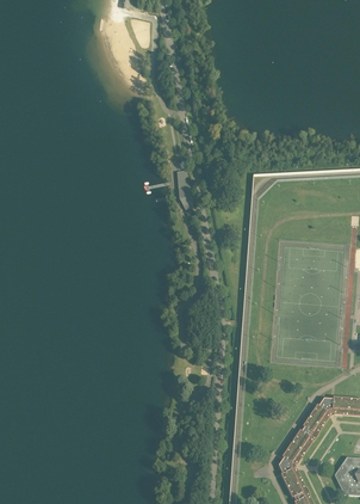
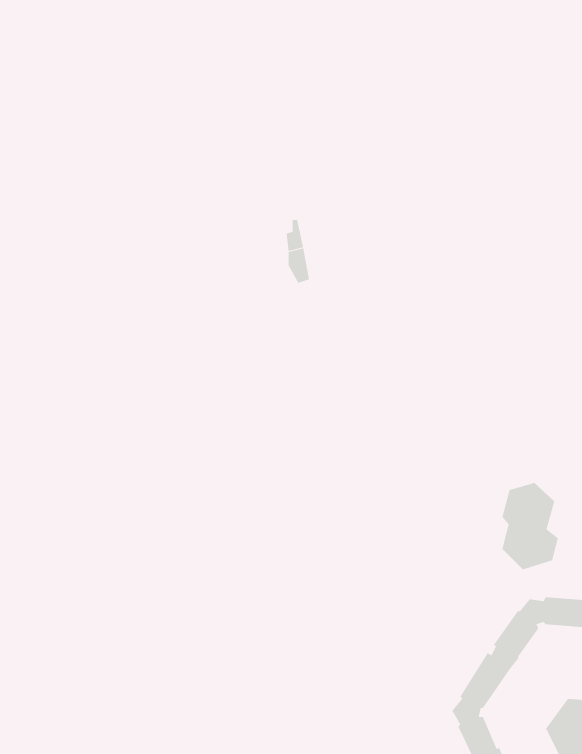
building: none -> [502,482,558,570]

